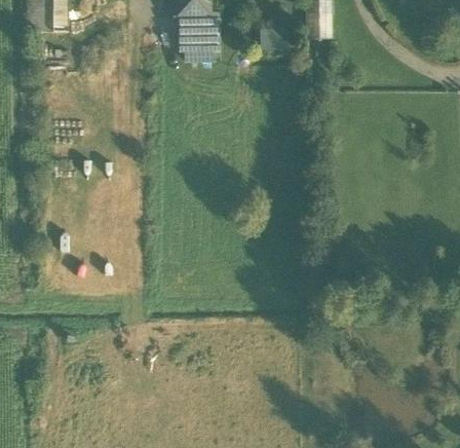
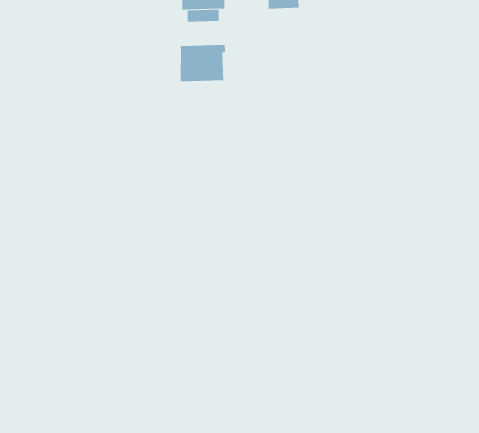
building: none -> [180,44,225,82]

